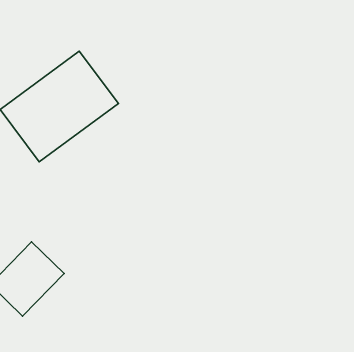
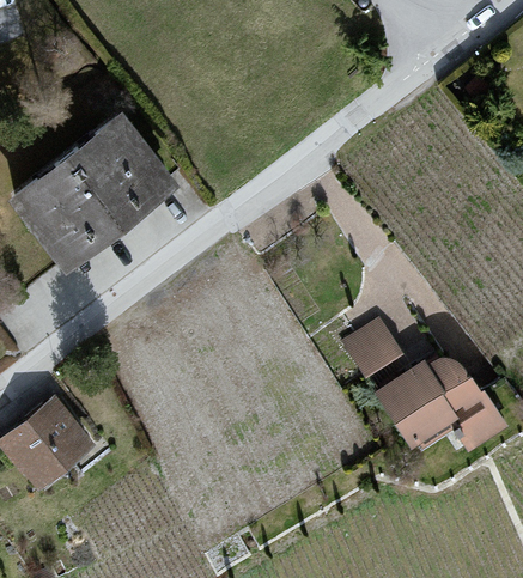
building: none -> [341,317,402,378]
building: none -> [375,360,509,452]

